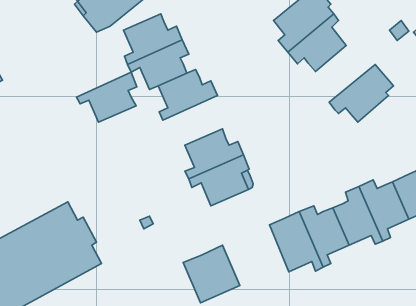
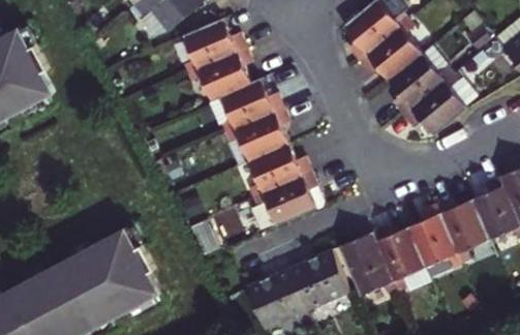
building: none -> [389,45,453,115]
building: [76,72,137,122] -> [224,108,289,161]
building: none -> [288,251,350,312]

